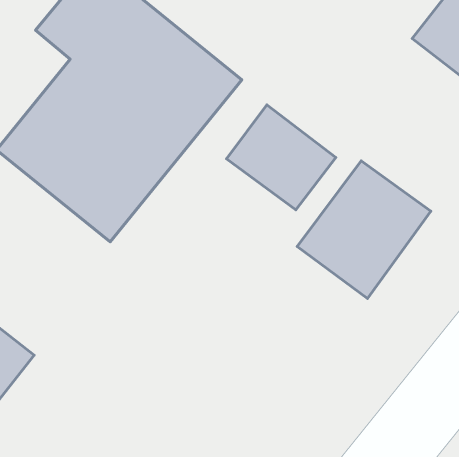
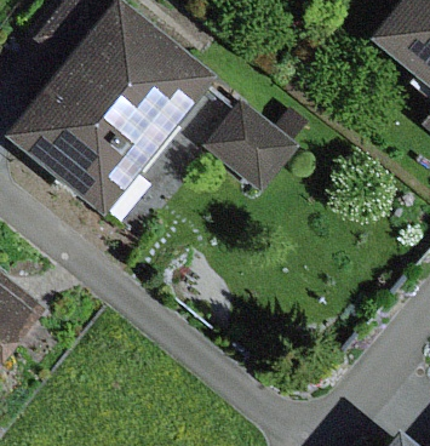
building: [297,161,431,299] -> none

